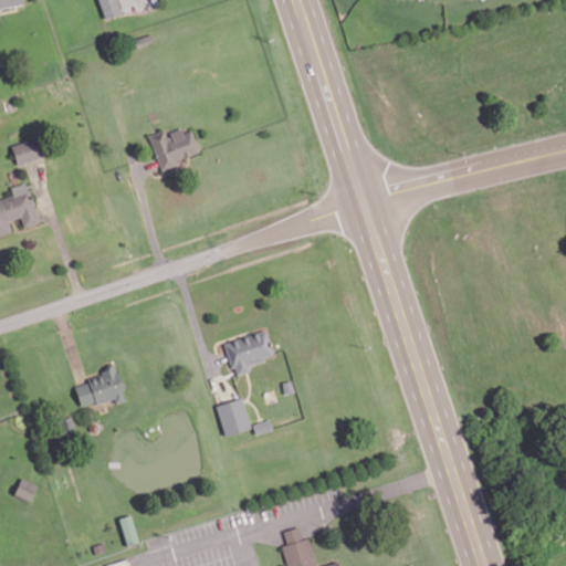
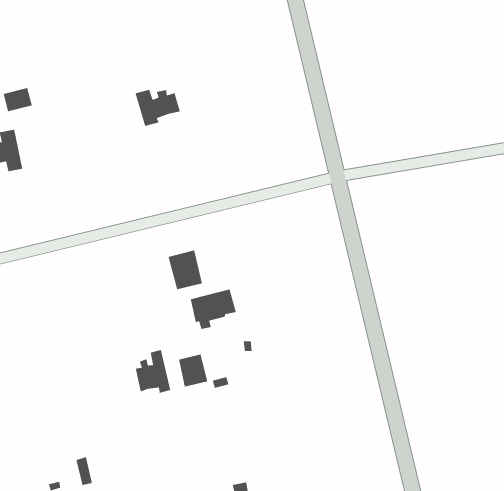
building: none -> [168,250,203,290]
building: [75,371,127,409] -> none
building: none -> [135,349,171,394]

